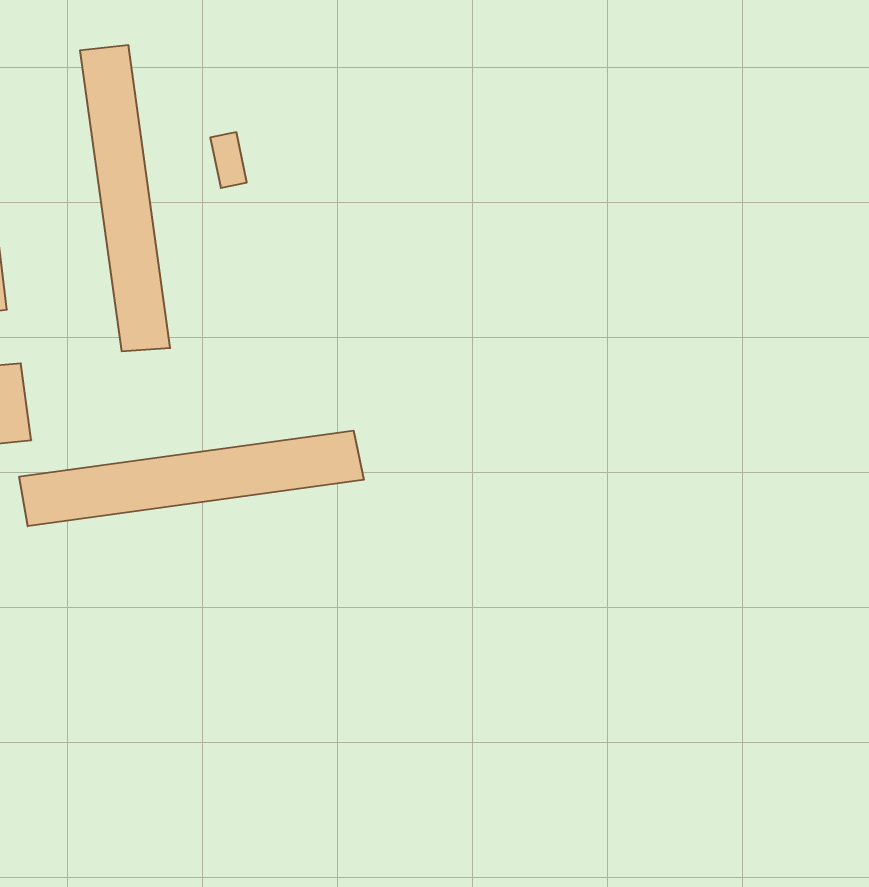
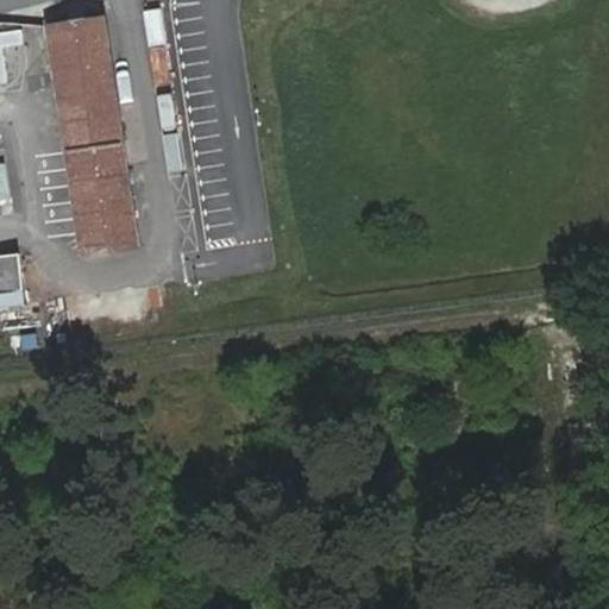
building: [19,431,364,526] -> none

